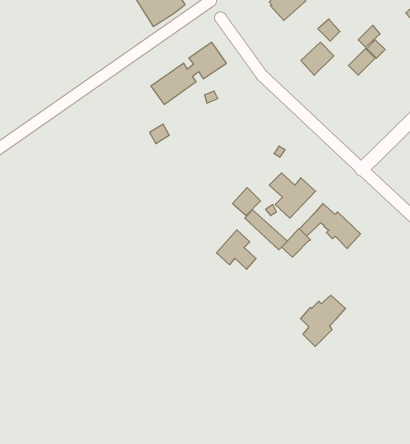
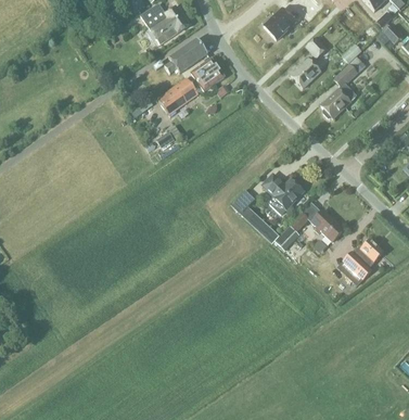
building: none -> [166,38,209,74]
building: none -> [321,89,352,118]
building: [216,230,256,269] -> none
building: [300,295,346,346] -> [344,240,384,285]

